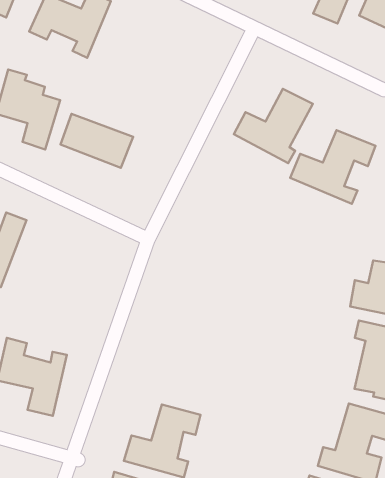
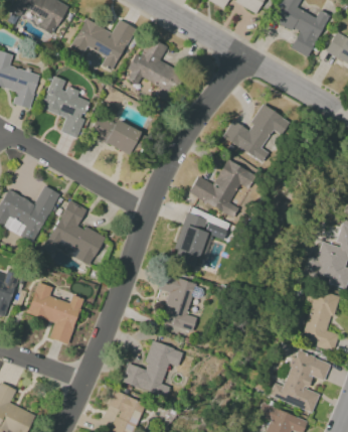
building: none -> [128,37,183,103]
building: [290,130,375,204] -> [188,160,255,218]
building: none -> [43,200,105,266]
building: none -> [171,214,230,268]
building: none -> [159,274,196,332]

